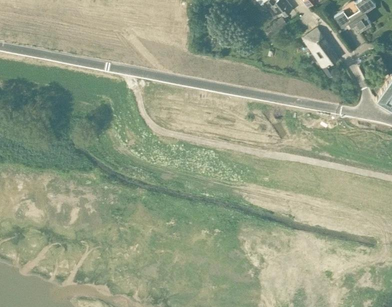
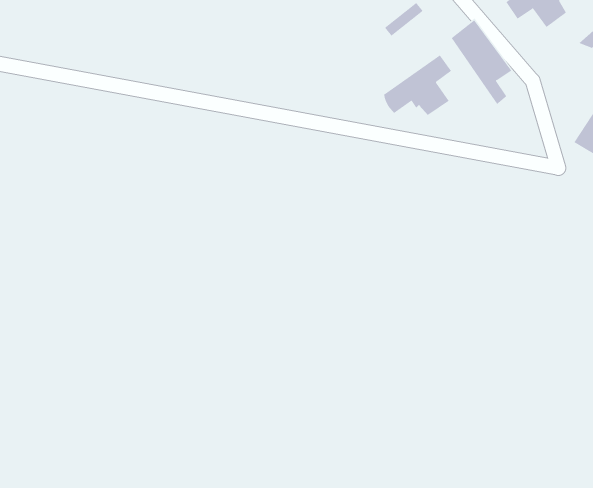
building: none -> [383,55,452,116]

